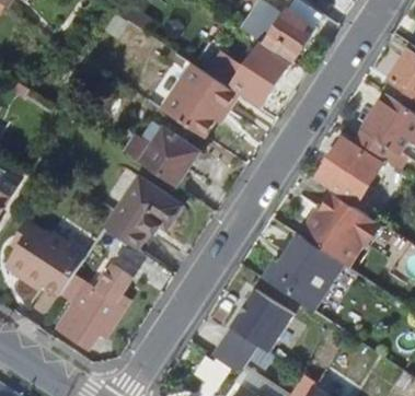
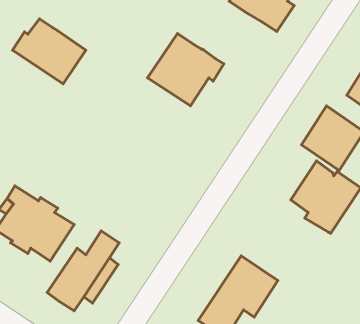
building: [207,42,289,104] -> none
building: [124,119,198,185] -> [13,19,86,84]
building: [105,175,181,247] -> none
building: [263,236,344,310] -> none

